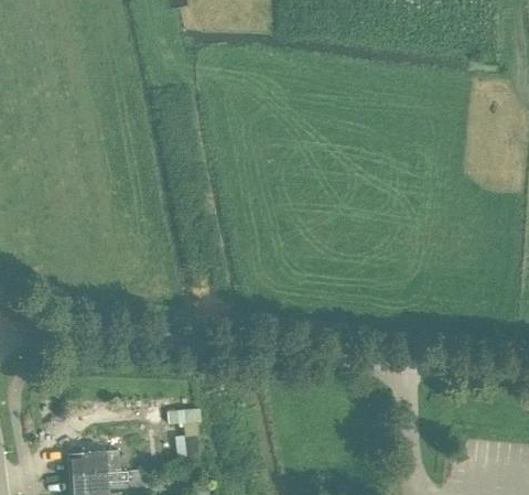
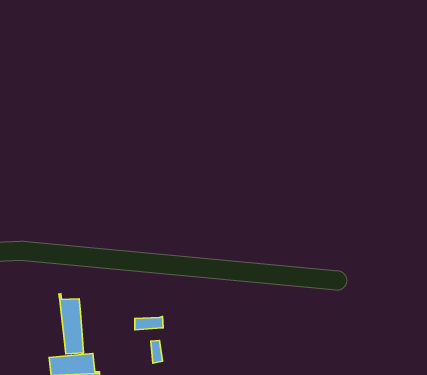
building: none -> [59,294,84,354]

